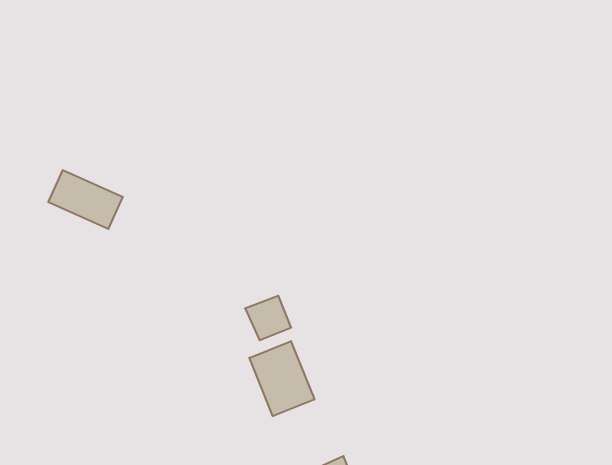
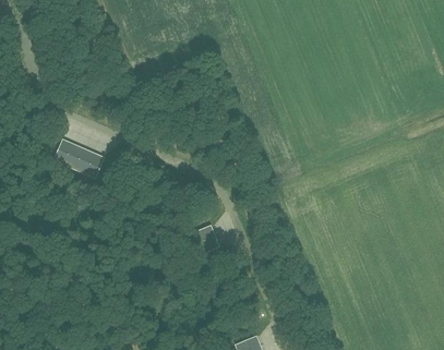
building: [249,341,314,416] -> none

